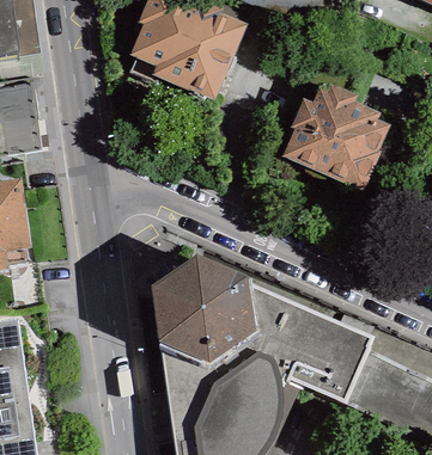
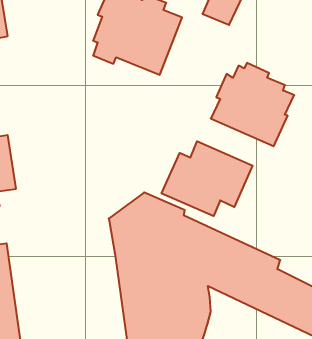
building: none -> [162,141,253,216]

